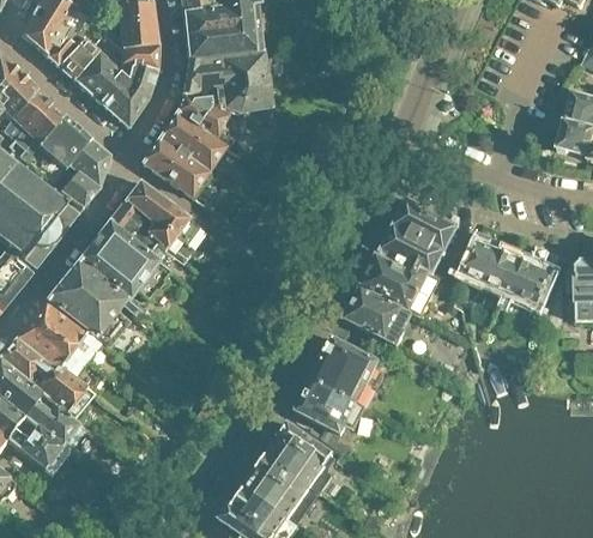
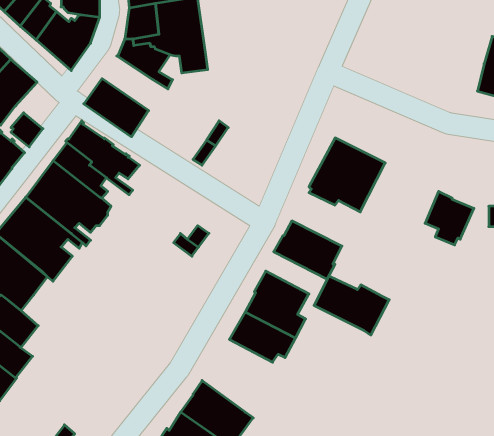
building: [159,110,229,168] -> none
building: [68,138,109,187] -> none
building: [461,238,514,289] -> none
building: [359,253,438,315] -> [314,276,389,335]
building: [266,422,332,491] -> none

